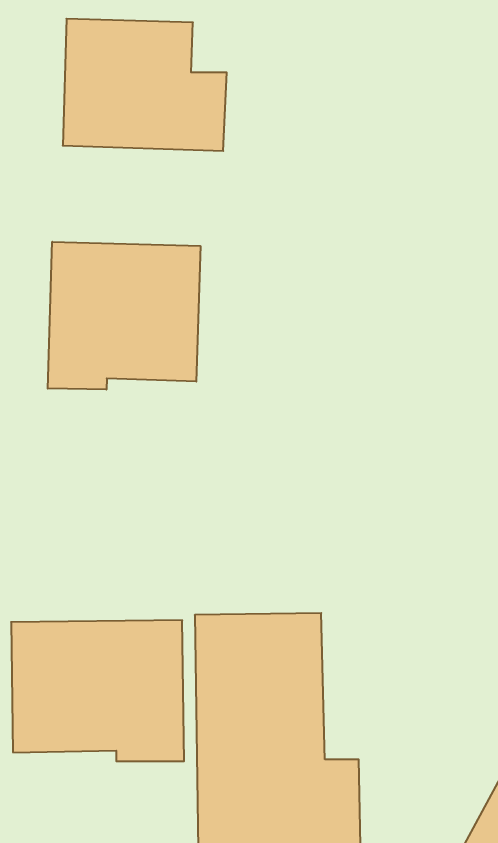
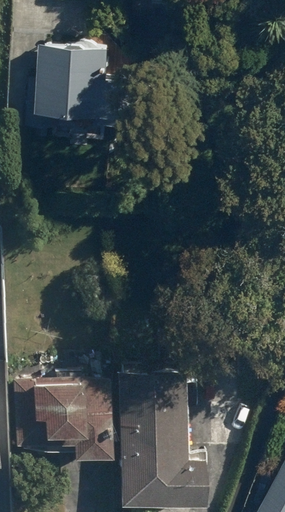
building: [48,242,200,390] -> none

